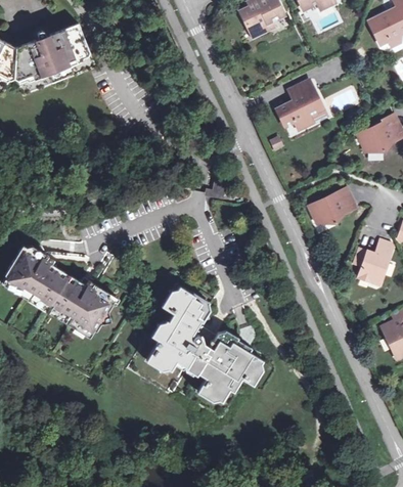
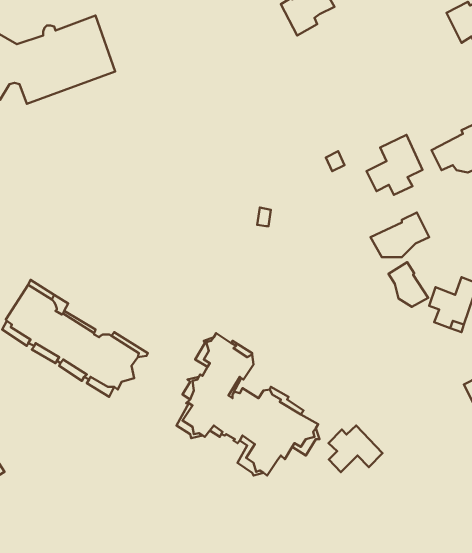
building: [276,81,322,130] -> [367,135,423,195]
building: none -> [388,262,428,307]
building: none -> [328,425,382,472]

